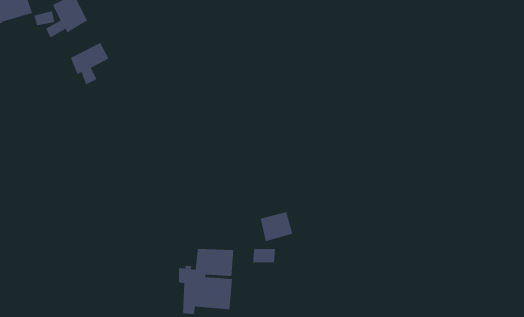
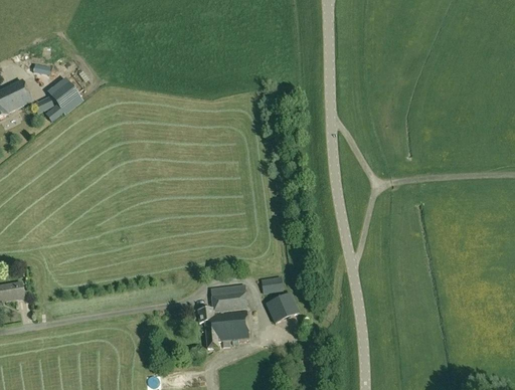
building: [70,42,109,85] -> none
building: [260,211,293,242] -> [267,291,299,322]

